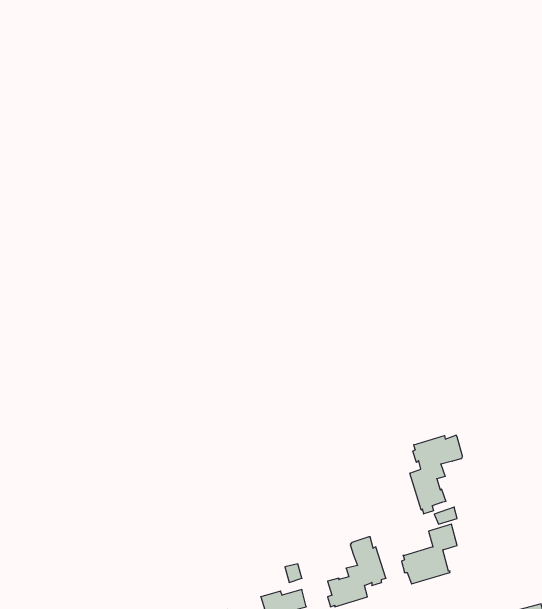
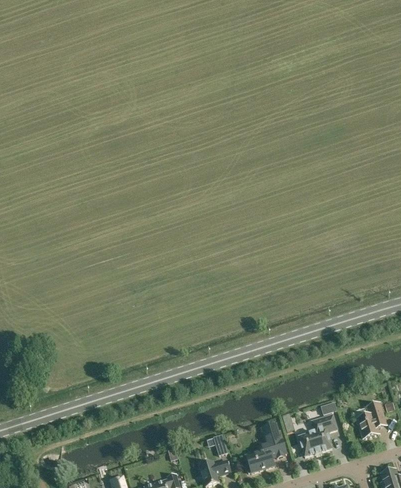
building: [410,435,462,514] -> none
building: none -> [356,402,385,437]

